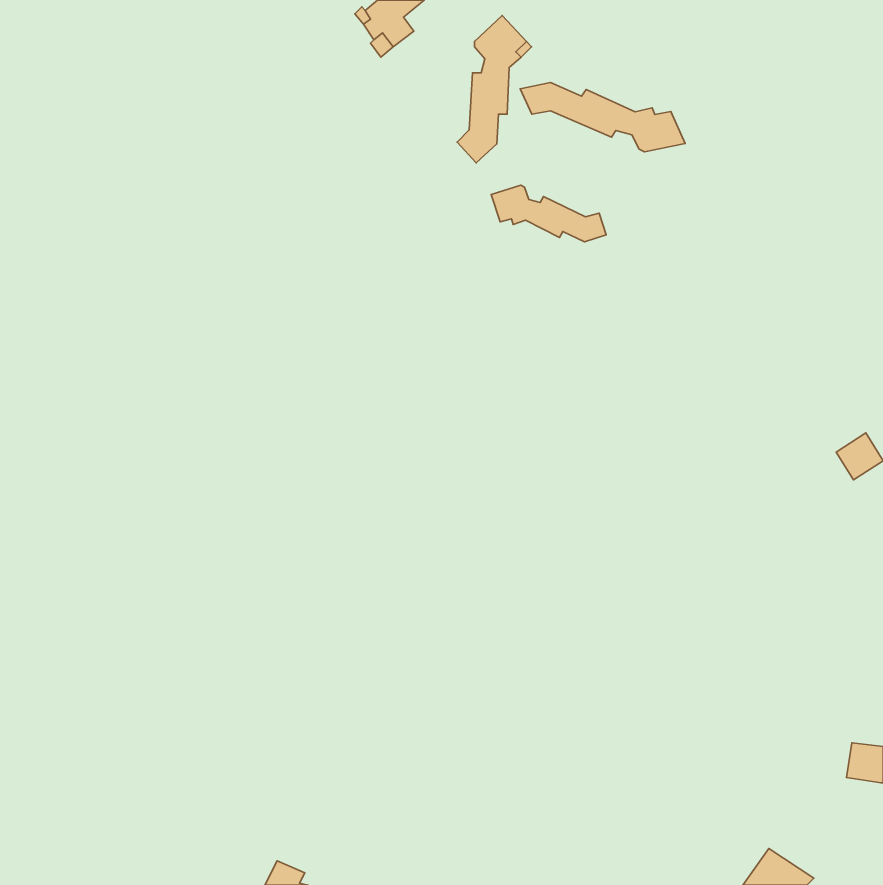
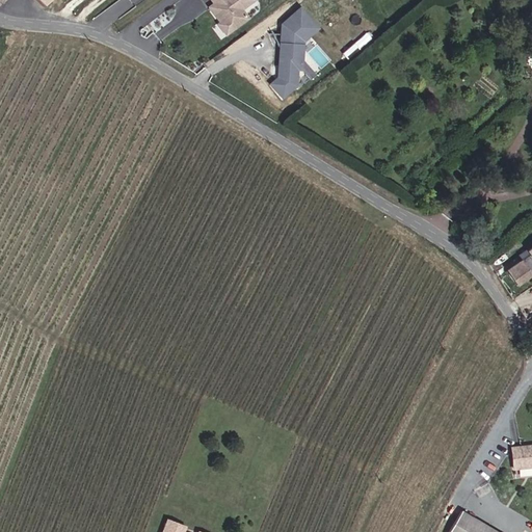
building: [520,83,685,152] -> none
building: [491,185,606,242] -> none

